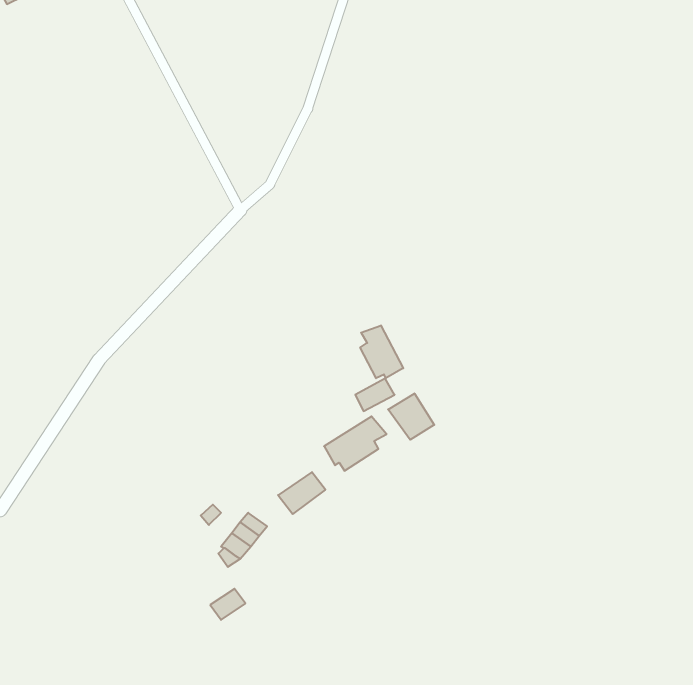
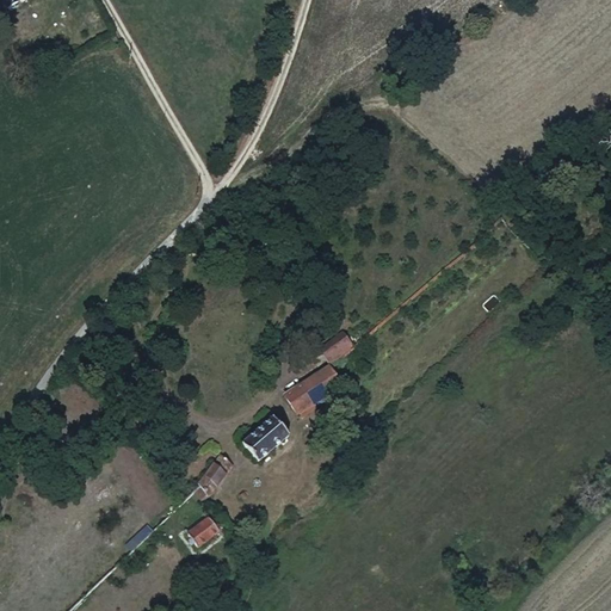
building: [360,325,403,378] -> none
building: [388,393,434,440] -> none

